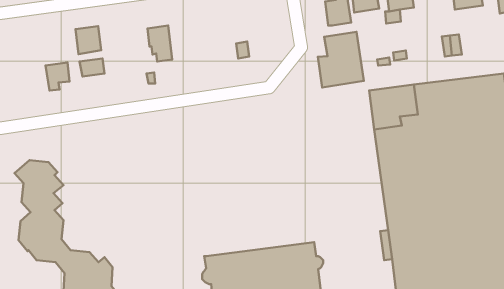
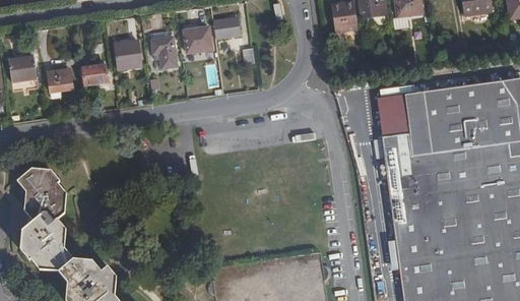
building: none -> [213,18,240,38]
building: none -> [184,26,211,53]
building: [75,26,101,54] -> [115,41,141,69]
building: [318,32,364,87] -> none
building: none -> [9,57,37,81]

